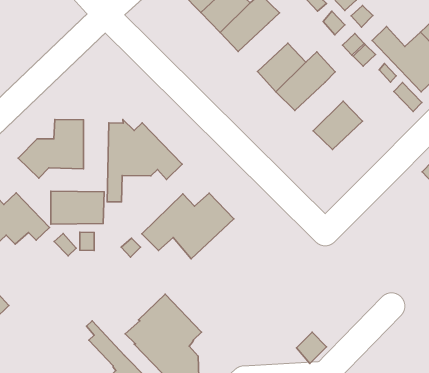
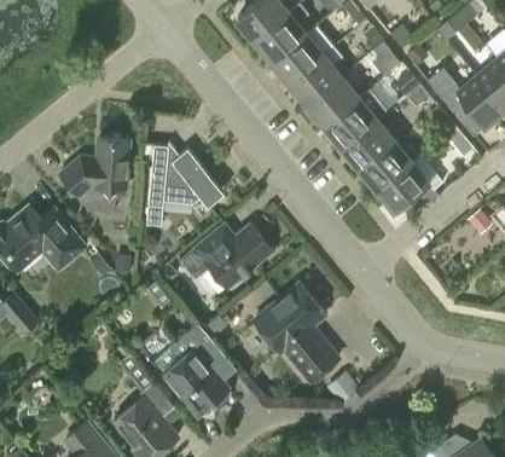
building: none -> [290,48,342,105]
building: none -> [343,121,393,169]
building: none -> [378,163,439,212]
building: [51,191,104,224] -> none
building: none -> [254,284,338,382]

